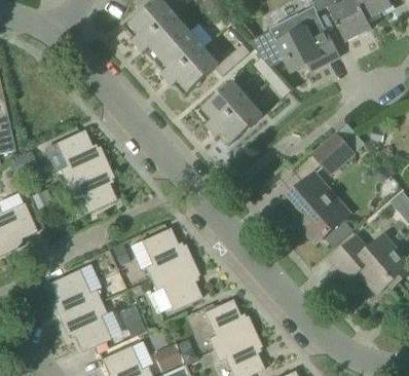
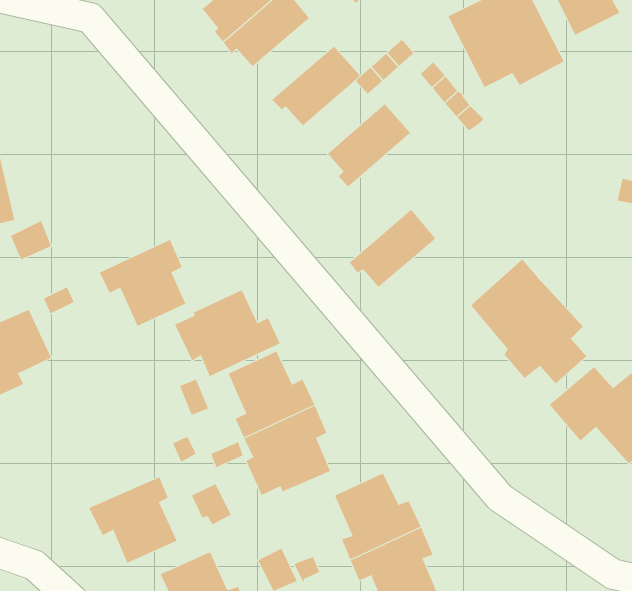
building: [155,31,203,79] -> none
building: [212,99,263,145] -> [349,209,436,287]
building: [313,123,366,175] -> none
building: [44,129,107,181] -> [174,290,281,377]
building: [49,269,101,319] -> none

